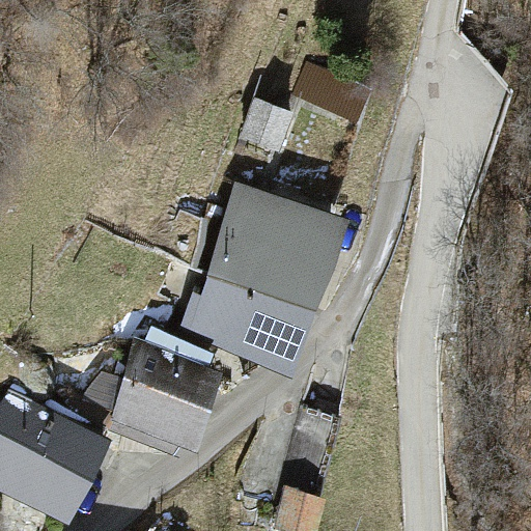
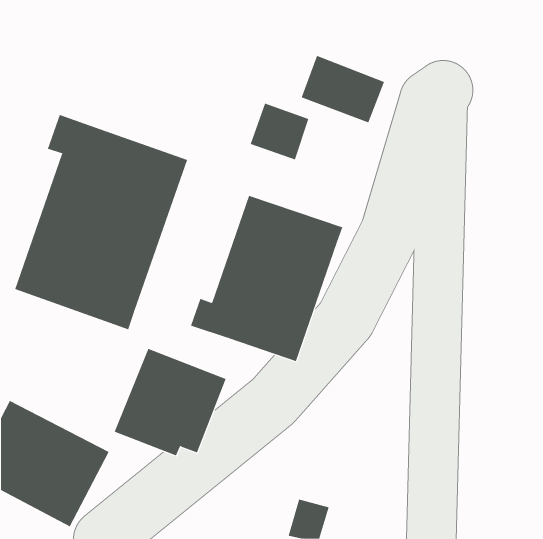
building: none -> [14,114,188,330]

